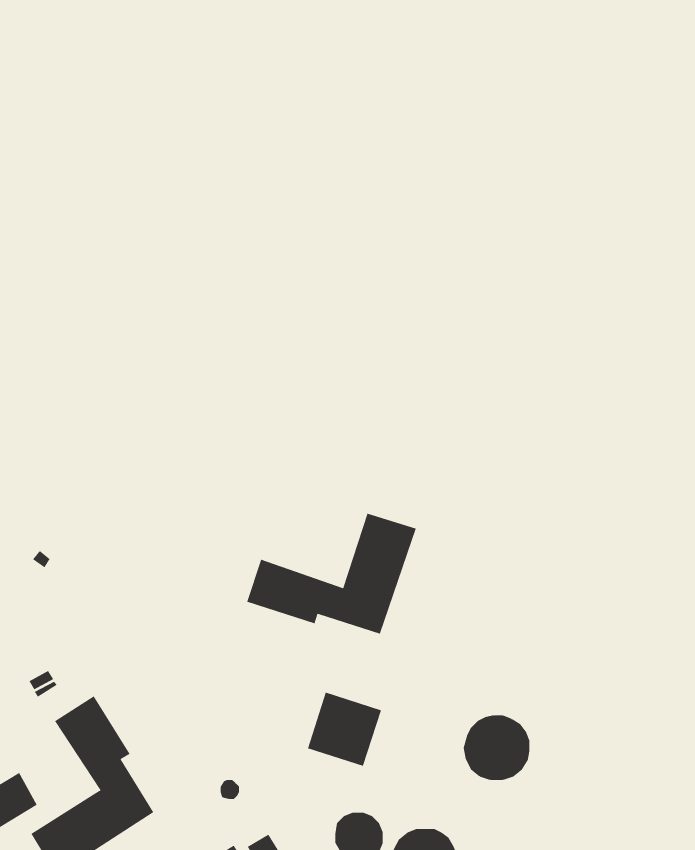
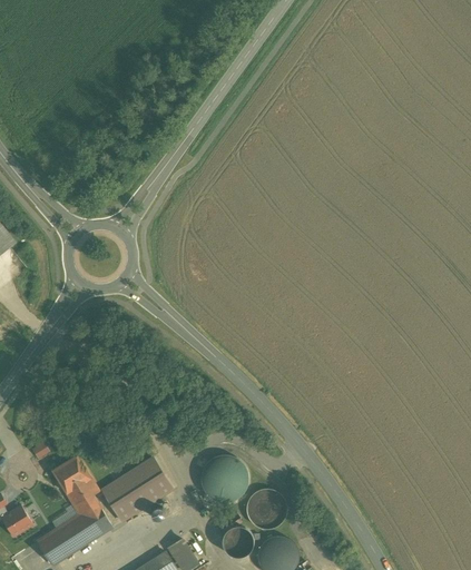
building: [246,513,416,634] -> none
building: none -> [101,458,171,521]
building: [463,715,530,780] -> [245,489,286,529]

